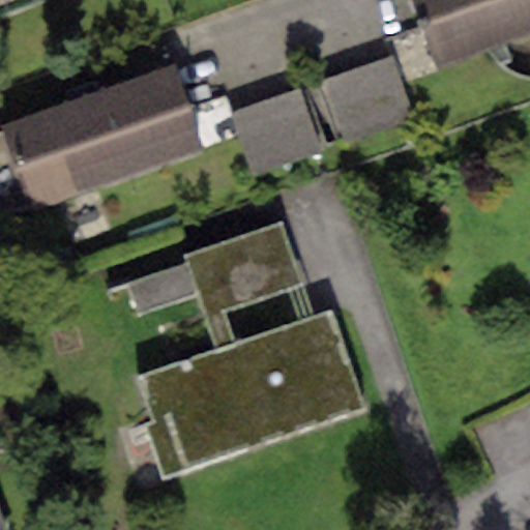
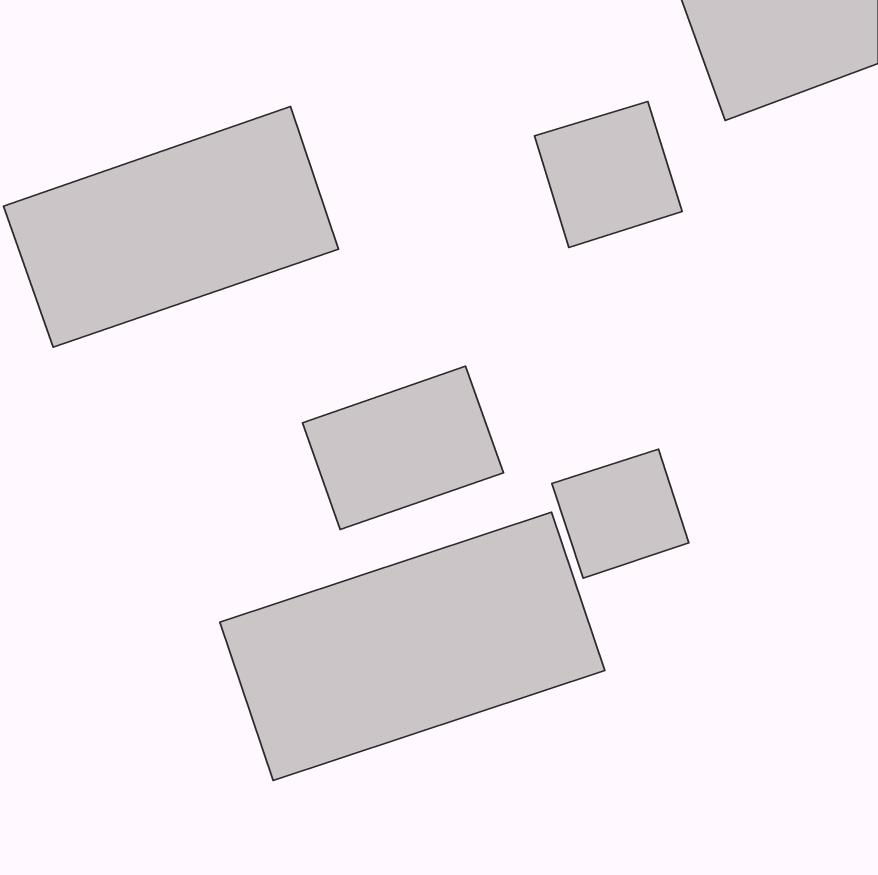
building: [230,89,320,177] -> none
building: none -> [552,449,689,578]

